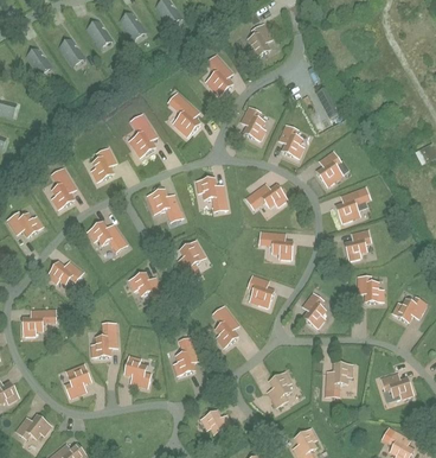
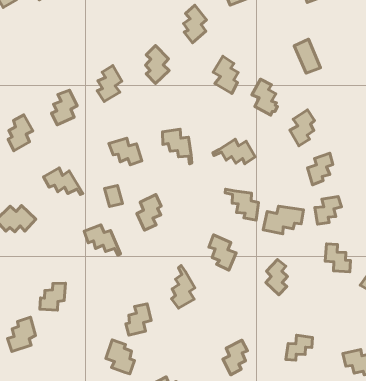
building: none -> [263,206,304,234]
building: [123,356,150,387] -> [106,340,135,374]

